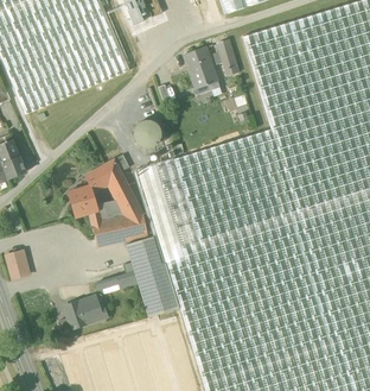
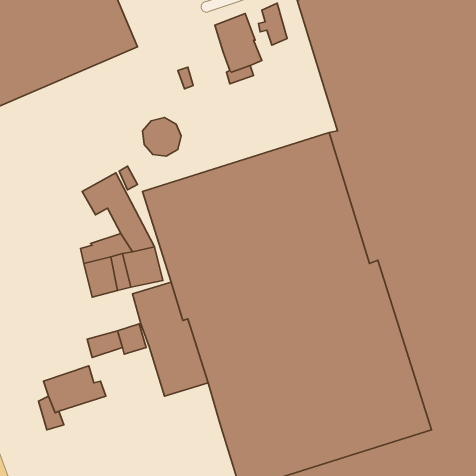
building: [69,172,100,216] -> none

